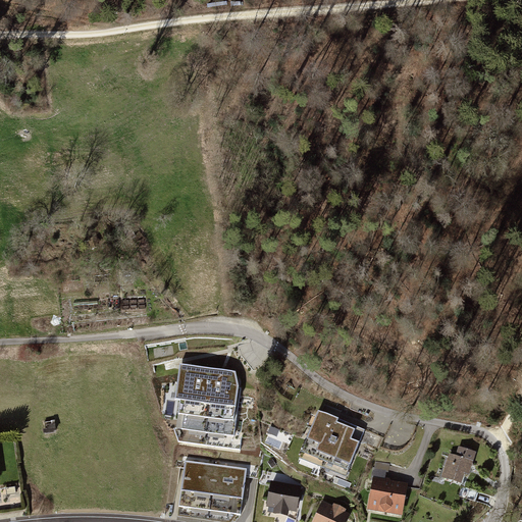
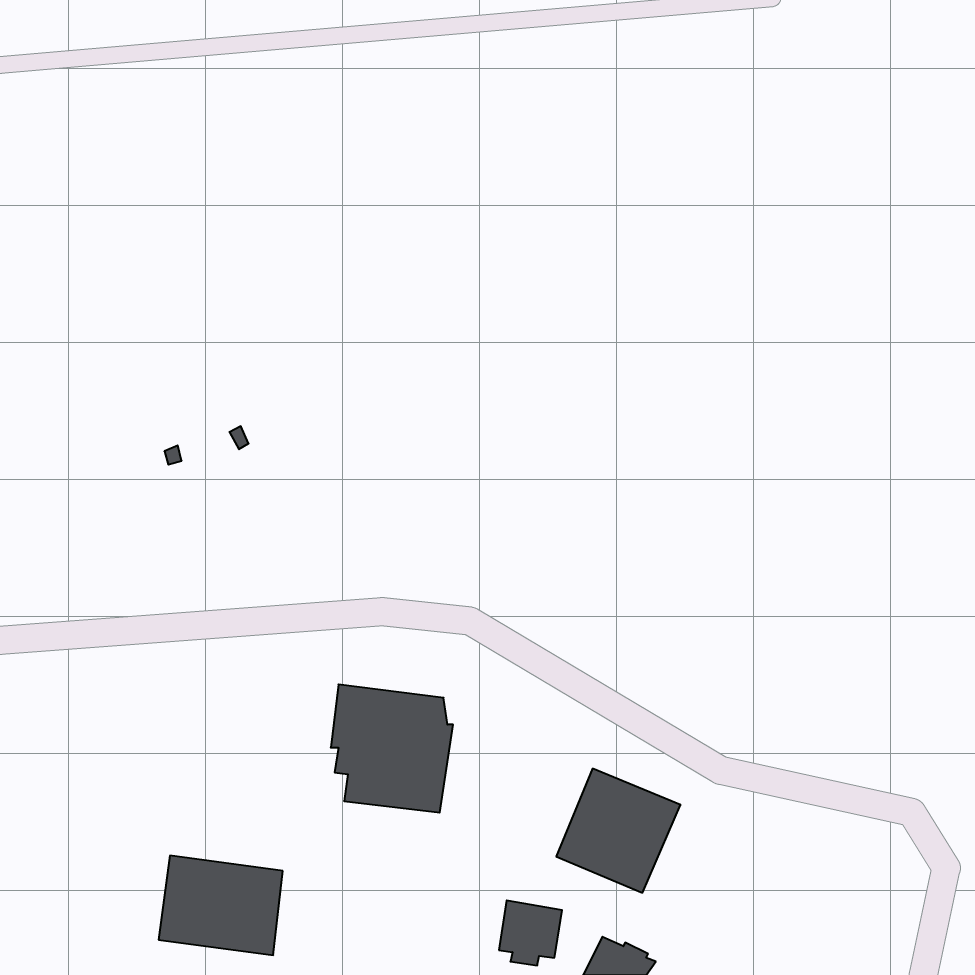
building: [438,448,473,489] -> none
building: [180,461,247,514] -> [159,856,283,955]
building: [366,476,406,513] -> none

